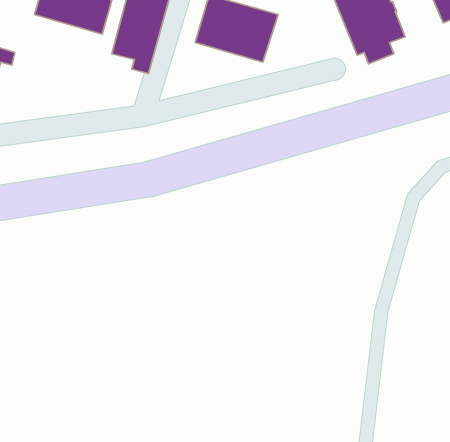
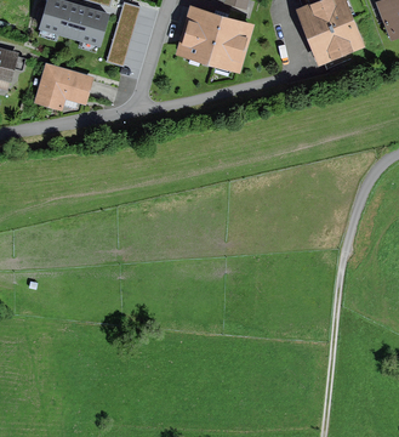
building: none -> [36,66,89,106]

